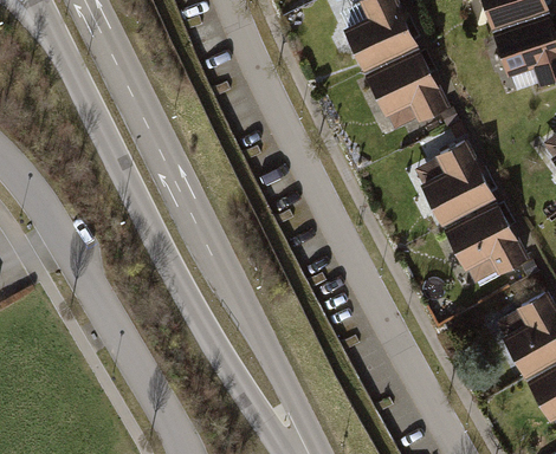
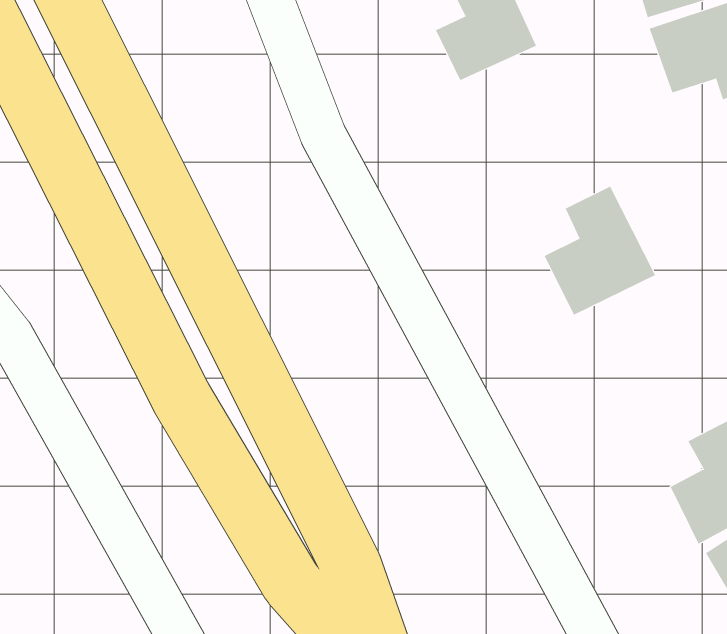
building: [368,53,446,118] -> none
building: [445,210,525,277] -> none

